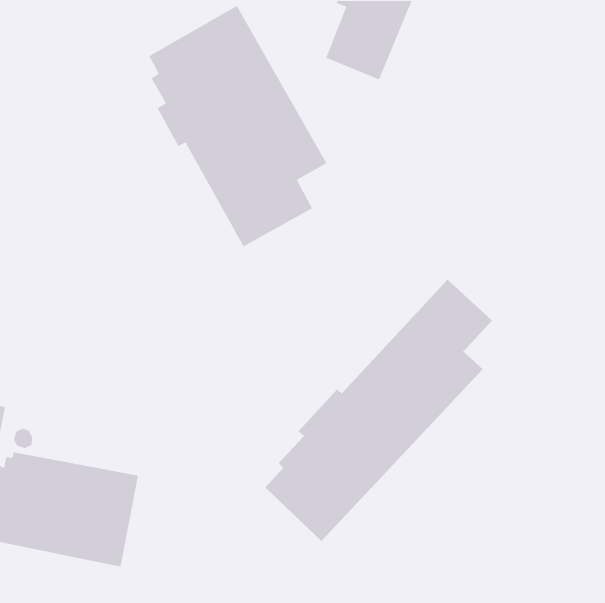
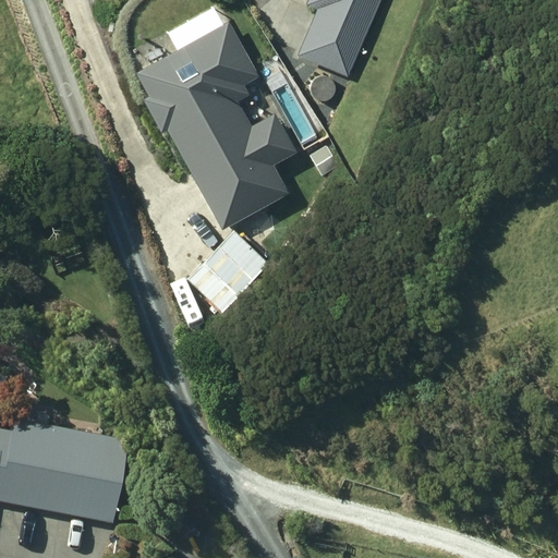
building: none -> [189,232,268,313]
building: [264,279,493,542] -> none

